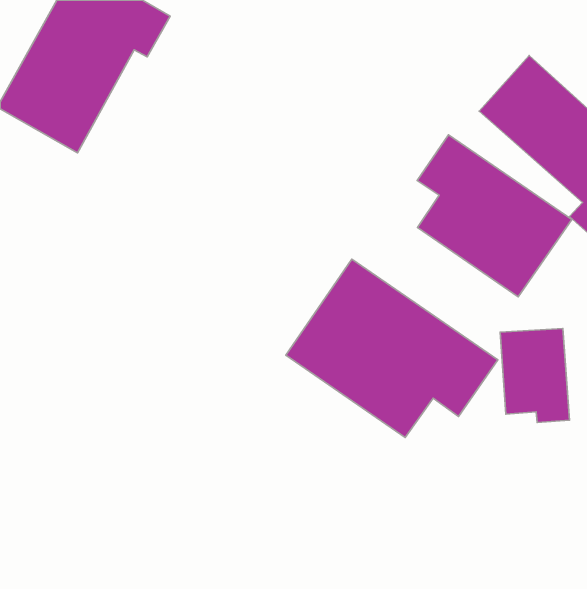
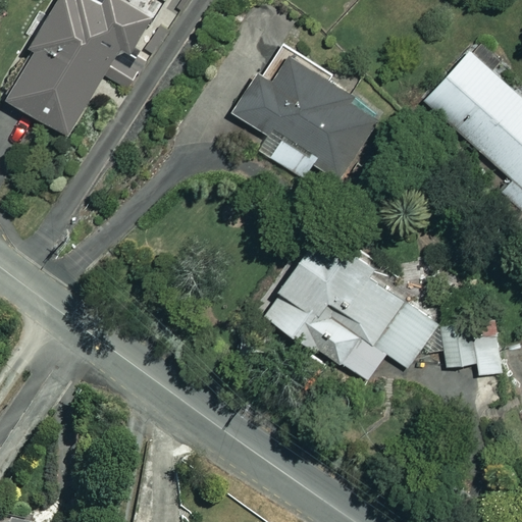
building: none -> [234,43,385,180]
building: [417,135,572,297] -> none

